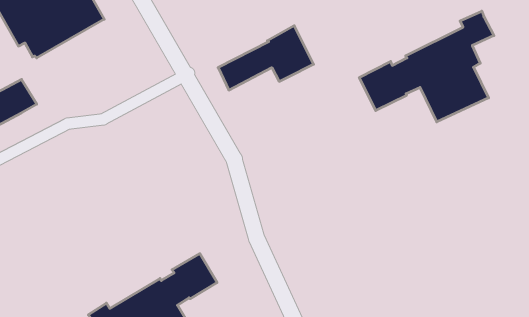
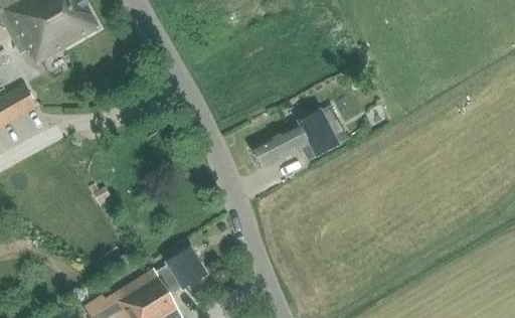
building: [359,11,494,122] -> none
building: [218,26,314,90] -> [248,110,338,170]

